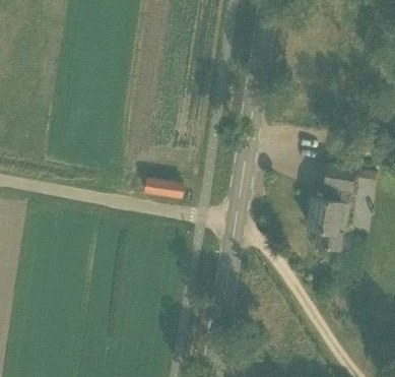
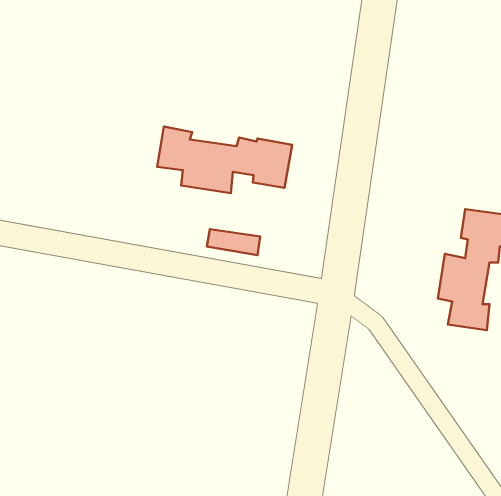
building: none -> [157,127,292,193]

